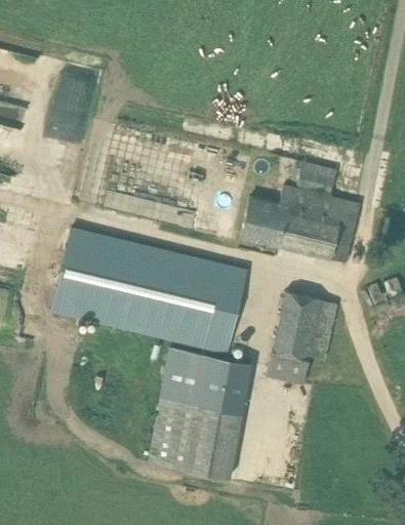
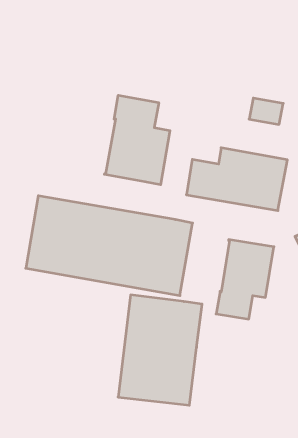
building: none -> [104,95,170,185]
building: [296,163,336,195] -> [249,98,283,124]

